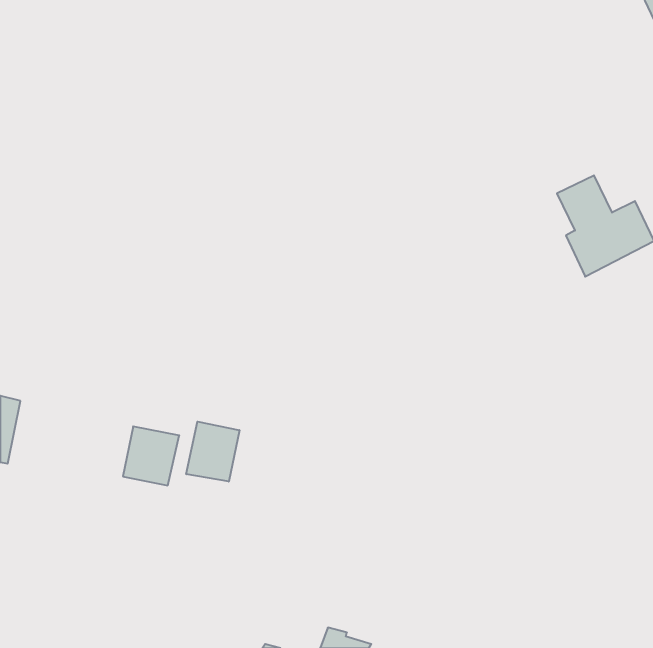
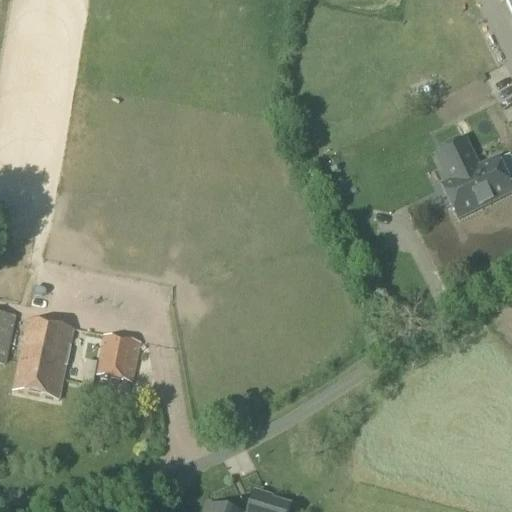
building: none -> [14,317,74,397]
building: [186,422,239,482] -> none

